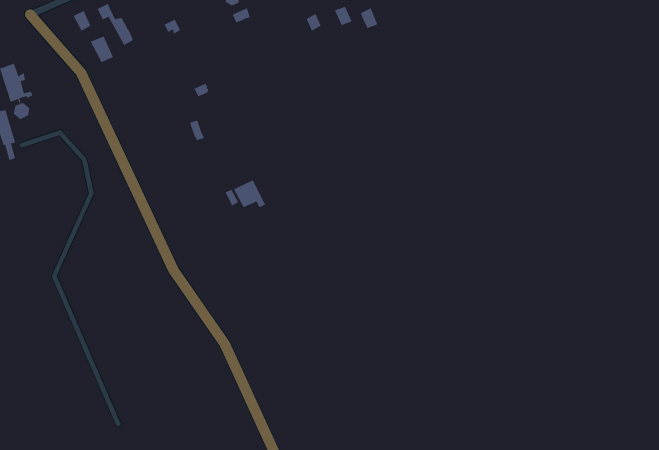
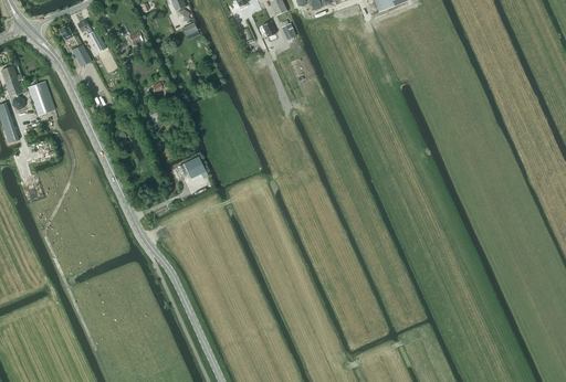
building: none -> [28,82,54,116]

